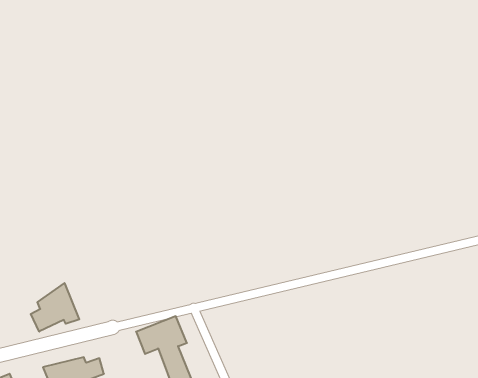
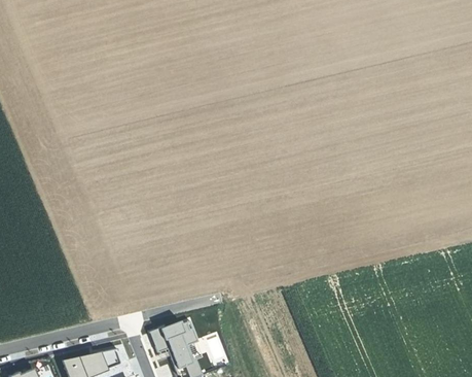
building: [31,283,79,332] -> none

